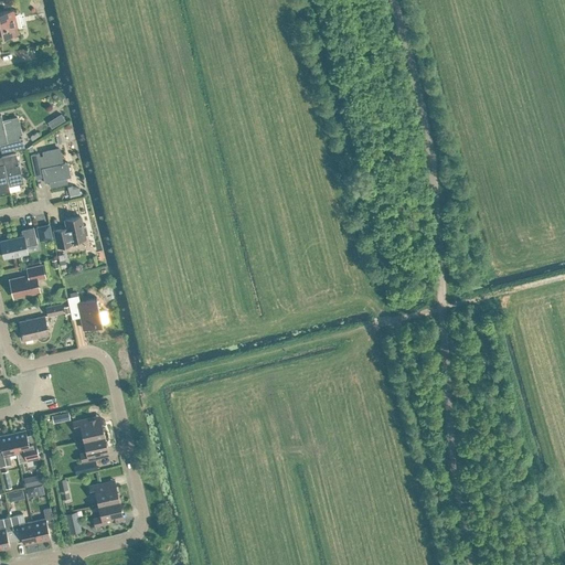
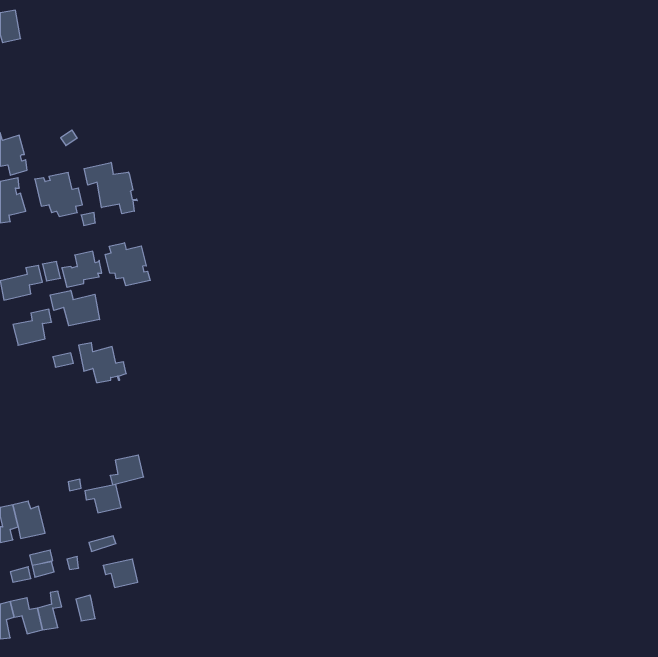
building: none -> [84,162,137,214]
building: none -> [105,243,150,286]
building: none -> [50,290,100,326]
building: [19,317,49,340] -> none
building: [79,436,108,461] -> [110,455,144,485]
building: [93,500,122,526] -> none

